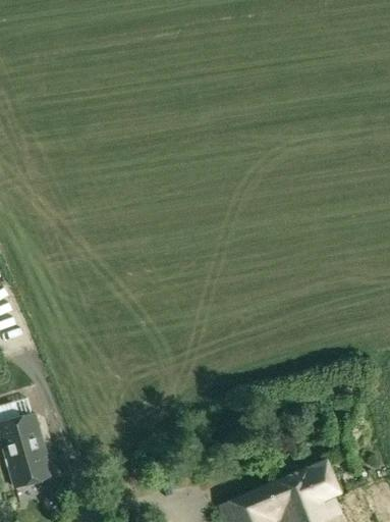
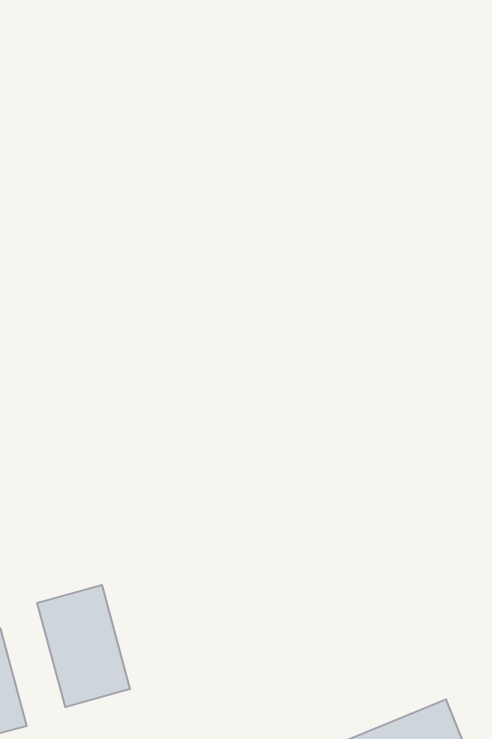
building: none -> [37,585,130,707]

